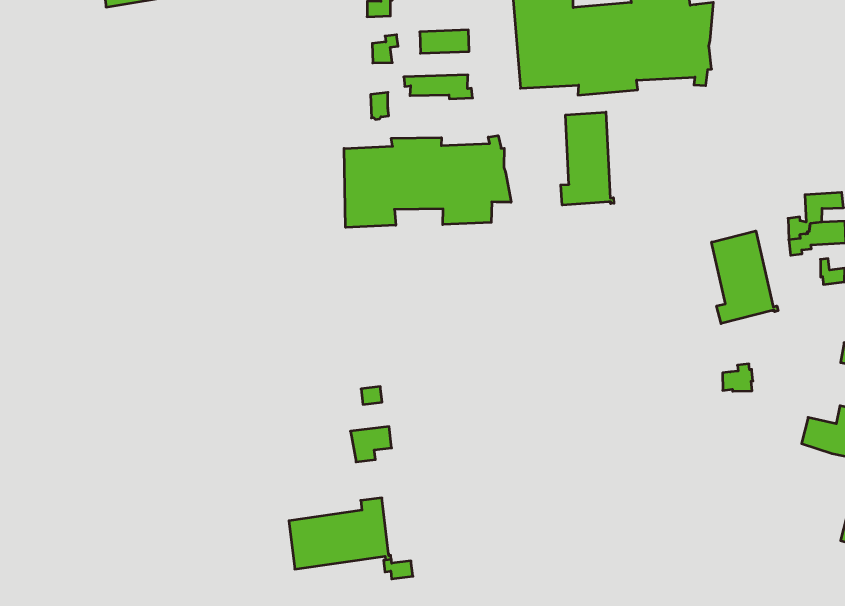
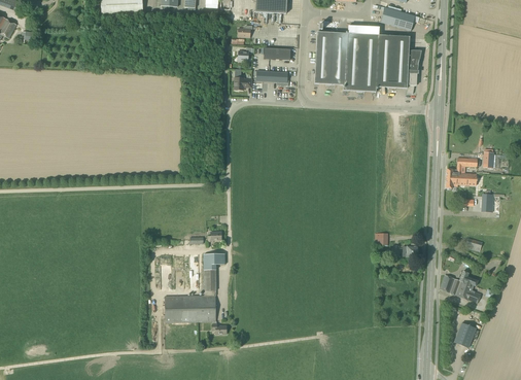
building: [561,112,614,205] -> none
building: [344,136,511,227] -> none
building: [712,231,778,324] -> none

